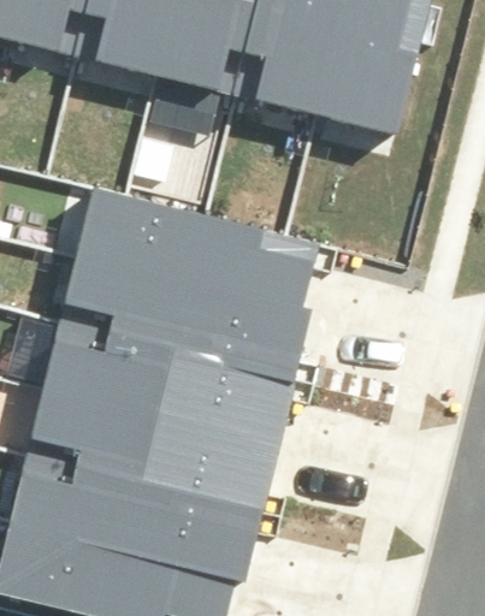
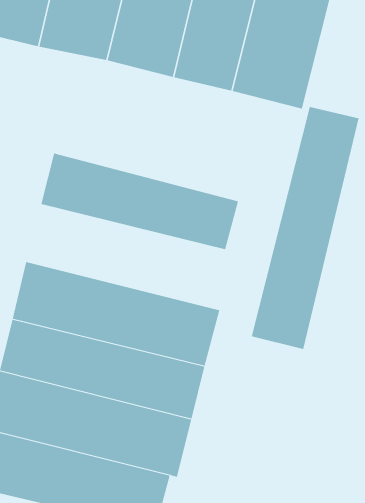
building: none -> [251,106,359,350]
building: [59,249,313,378] -> none

